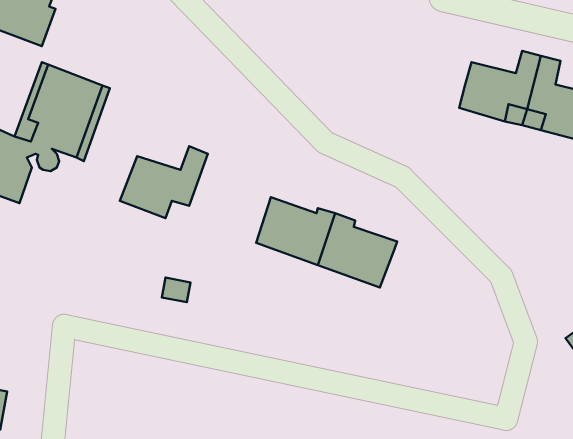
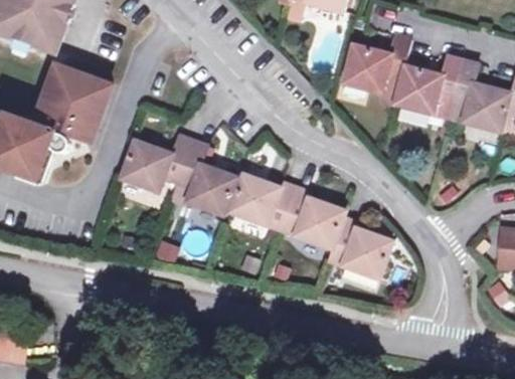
building: none -> [343,34,410,94]
building: none -> [176,140,235,215]
building: none -> [327,217,392,277]

